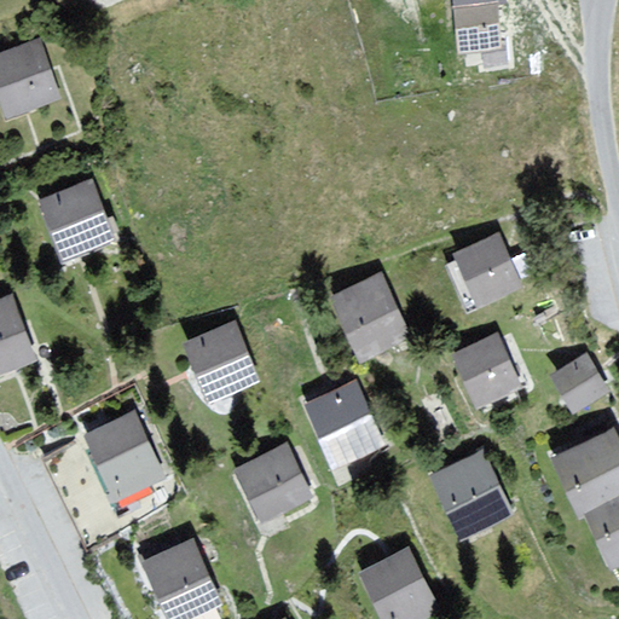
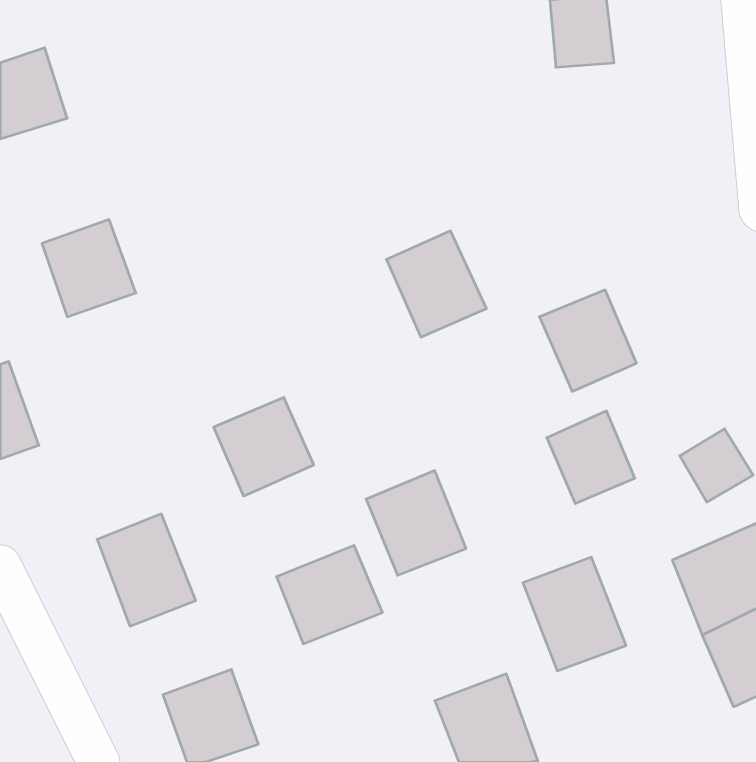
building: [328,277,409,363] -> [386,231,486,337]

